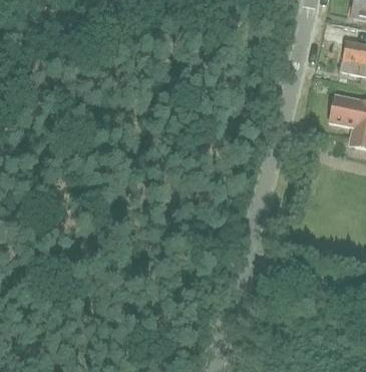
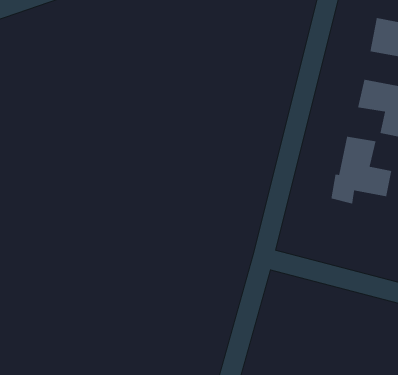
building: none -> [330,136,392,204]

